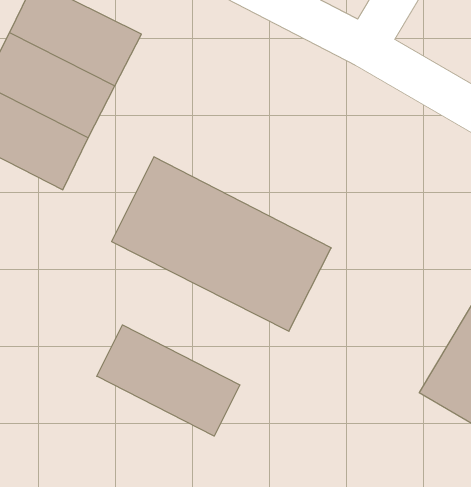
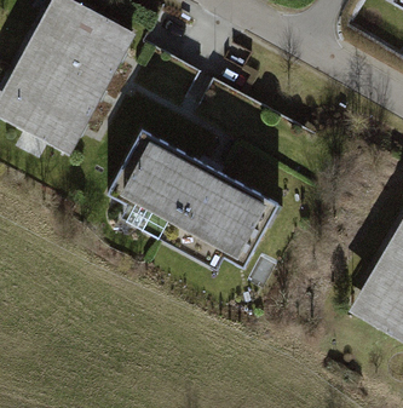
building: [97,325,240,436] -> none

